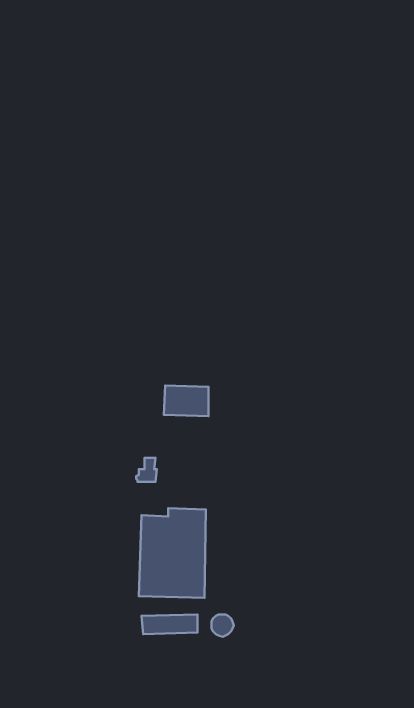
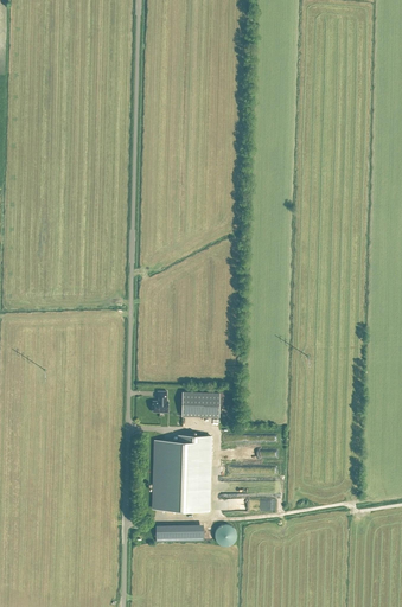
building: [164,385,209,416] -> [181,392,219,418]

